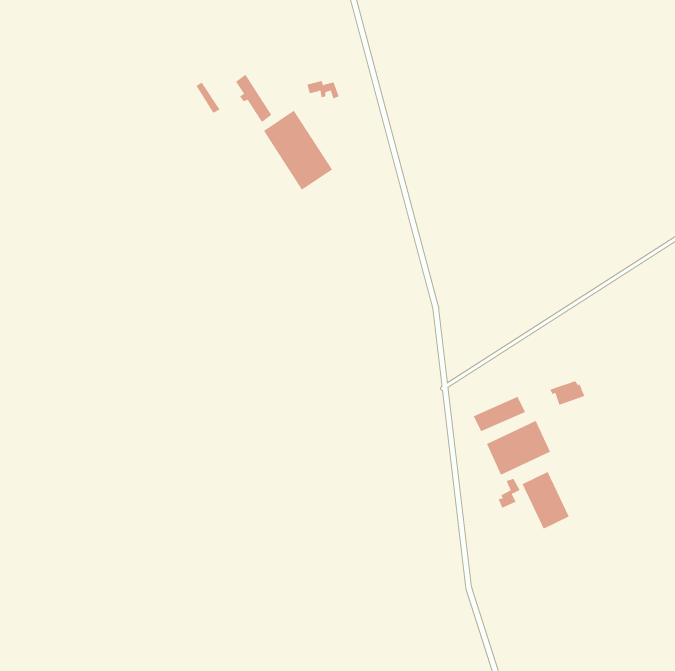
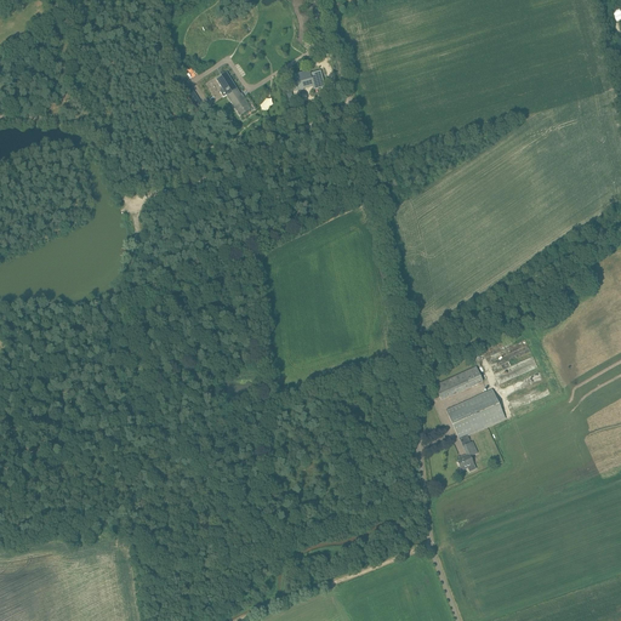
building: [263,110,333,191] -> none
building: [522,471,569,530] -> none

